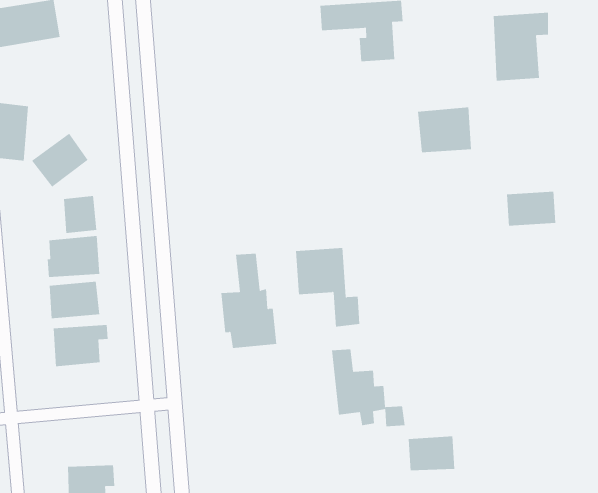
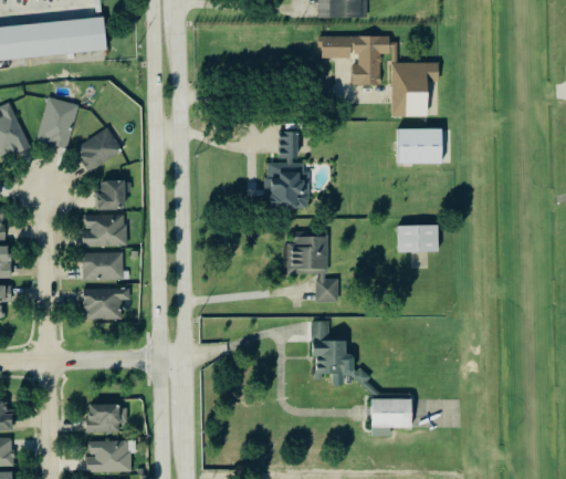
building: [493,12,549,81] -> [391,62,439,116]
building: [506,191,556,226] -> [396,225,436,251]
building: [220,253,277,348] -> [264,132,308,209]

